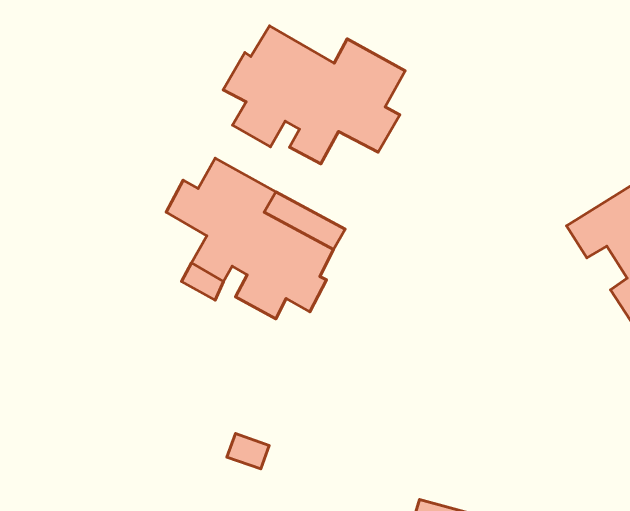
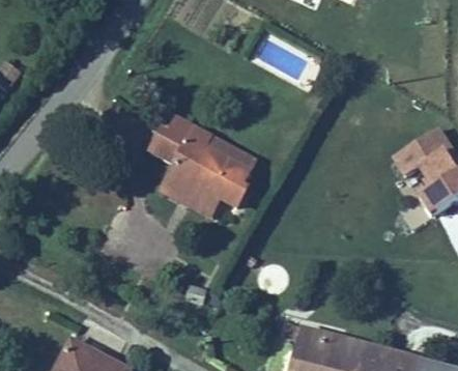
building: [223,26,405,164] -> none

